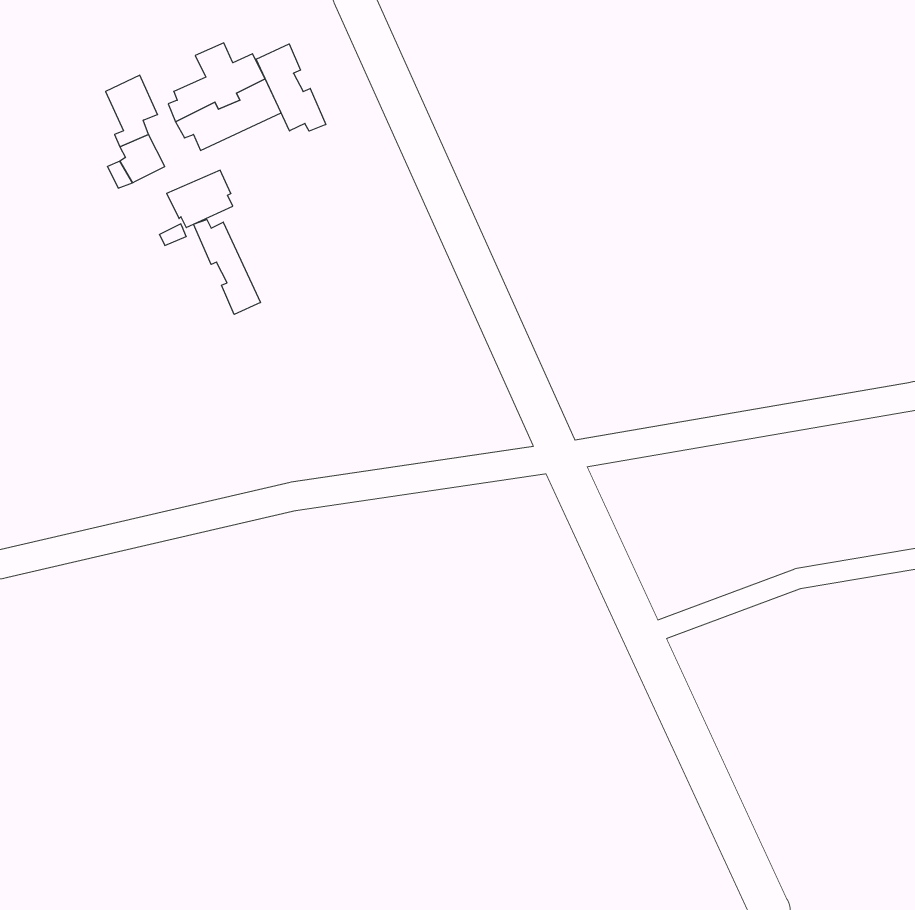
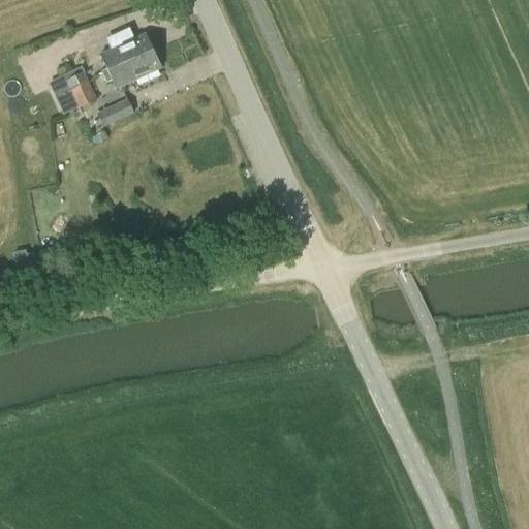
building: [256,44,326,131] -> none
building: [193,219,260,314] -> none

